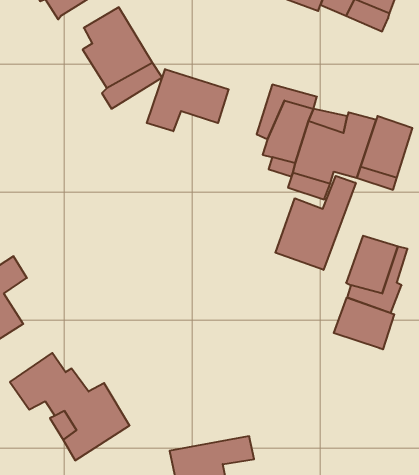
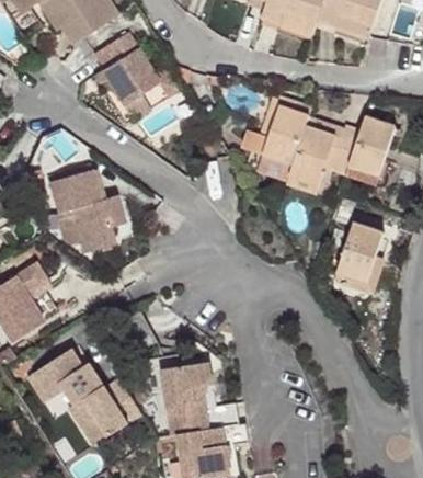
building: [147,69,229,131] -> none
building: none -> [48,170,128,252]
building: [275,176,356,270] -> none
building: [334,298,394,349] -> none
building: none -> [159,358,237,435]

